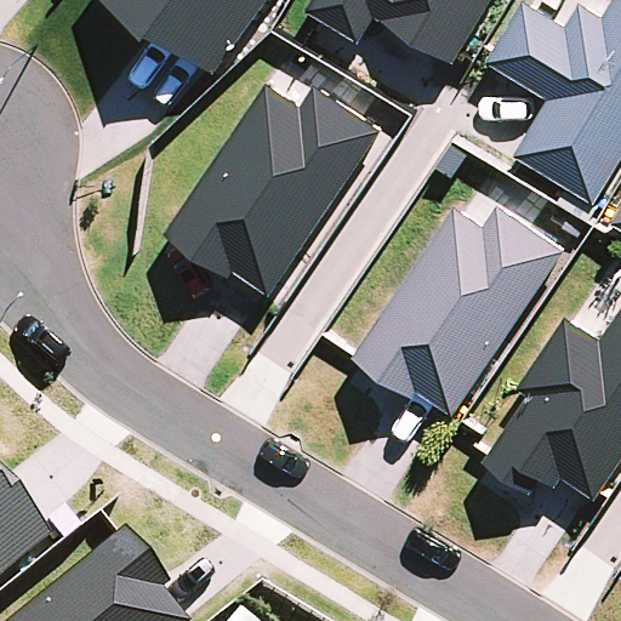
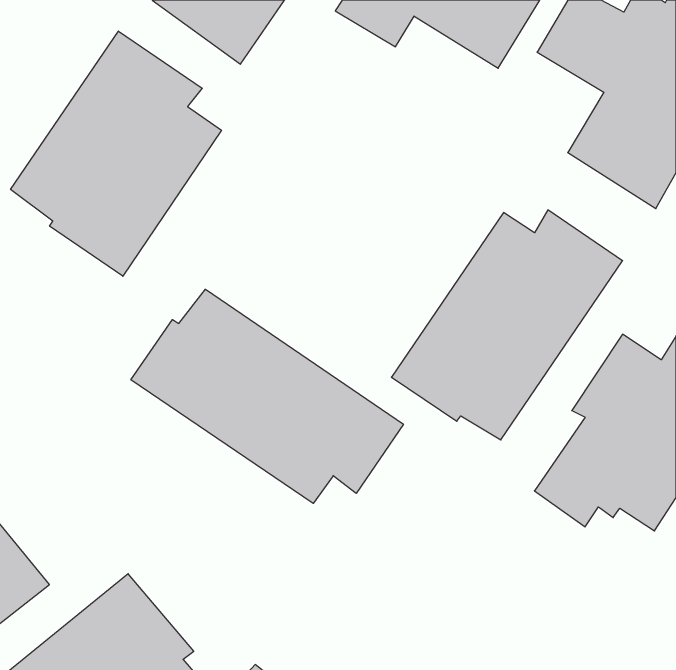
building: none -> [11,31,221,276]
building: [165,80,384,291] -> none
building: none -> [131,289,403,503]

